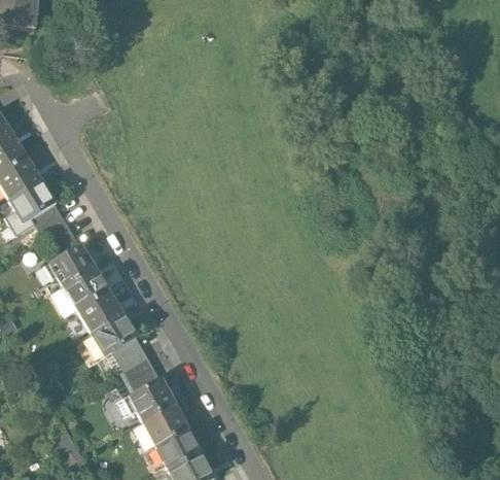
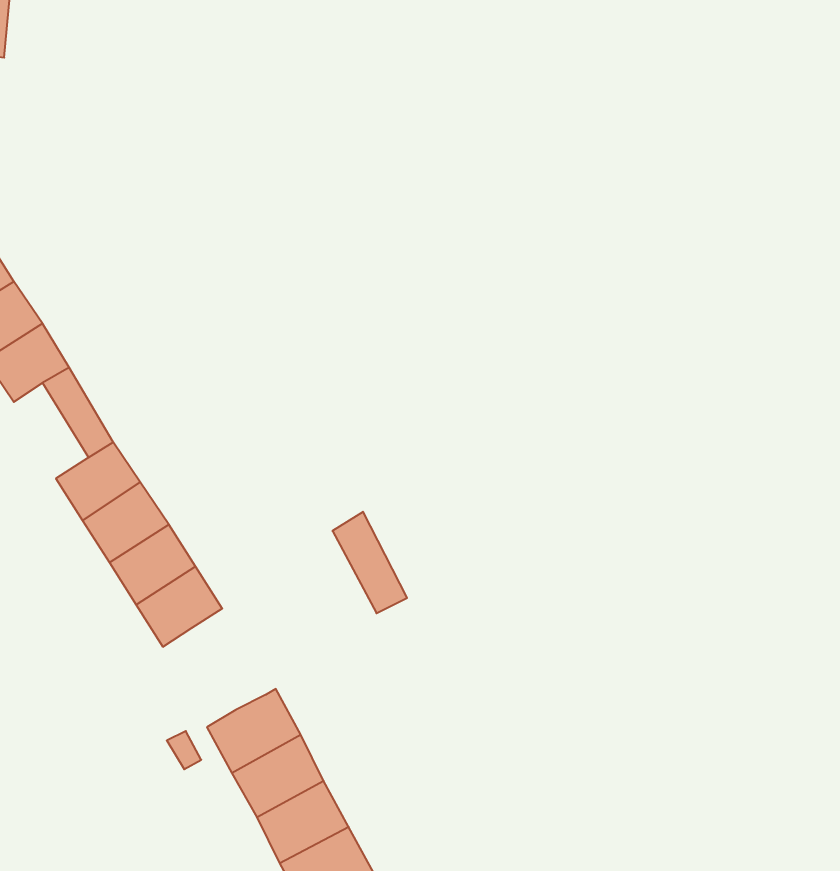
building: [118,333,158,387] -> [332,512,407,613]

